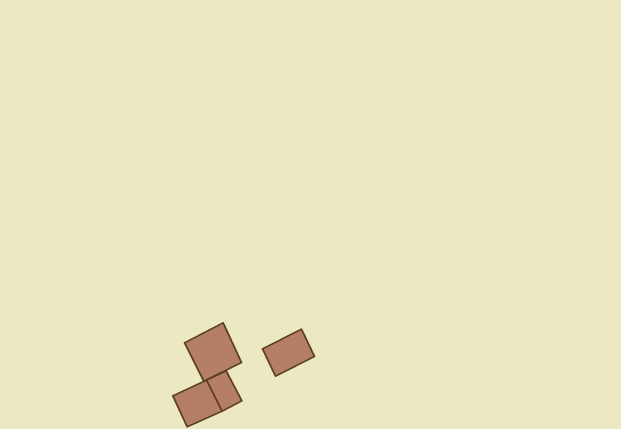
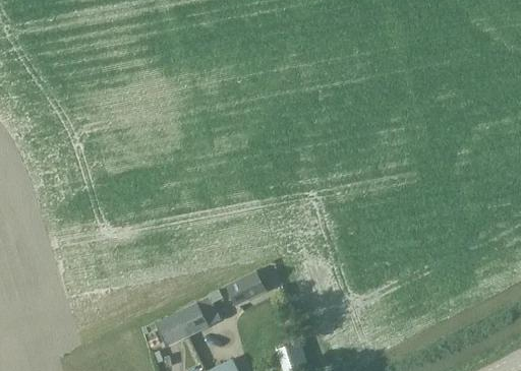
building: [185,323,242,381] -> none

